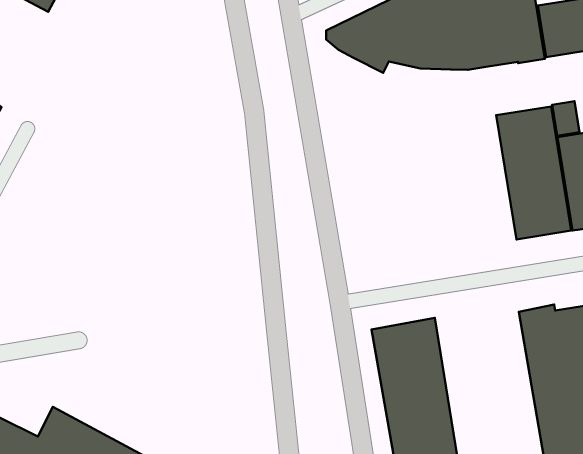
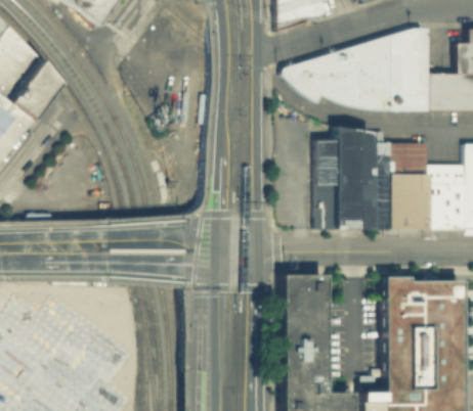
building: none -> [318,127,389,230]

